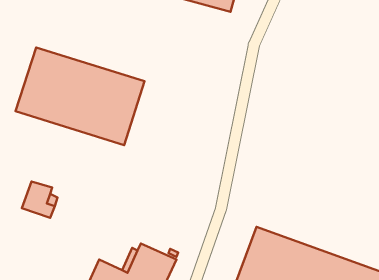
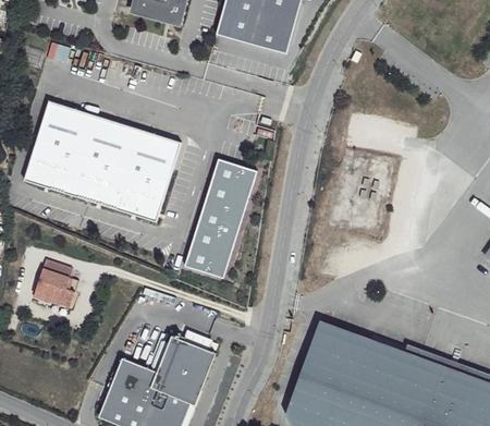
building: none -> [185,157,255,275]

